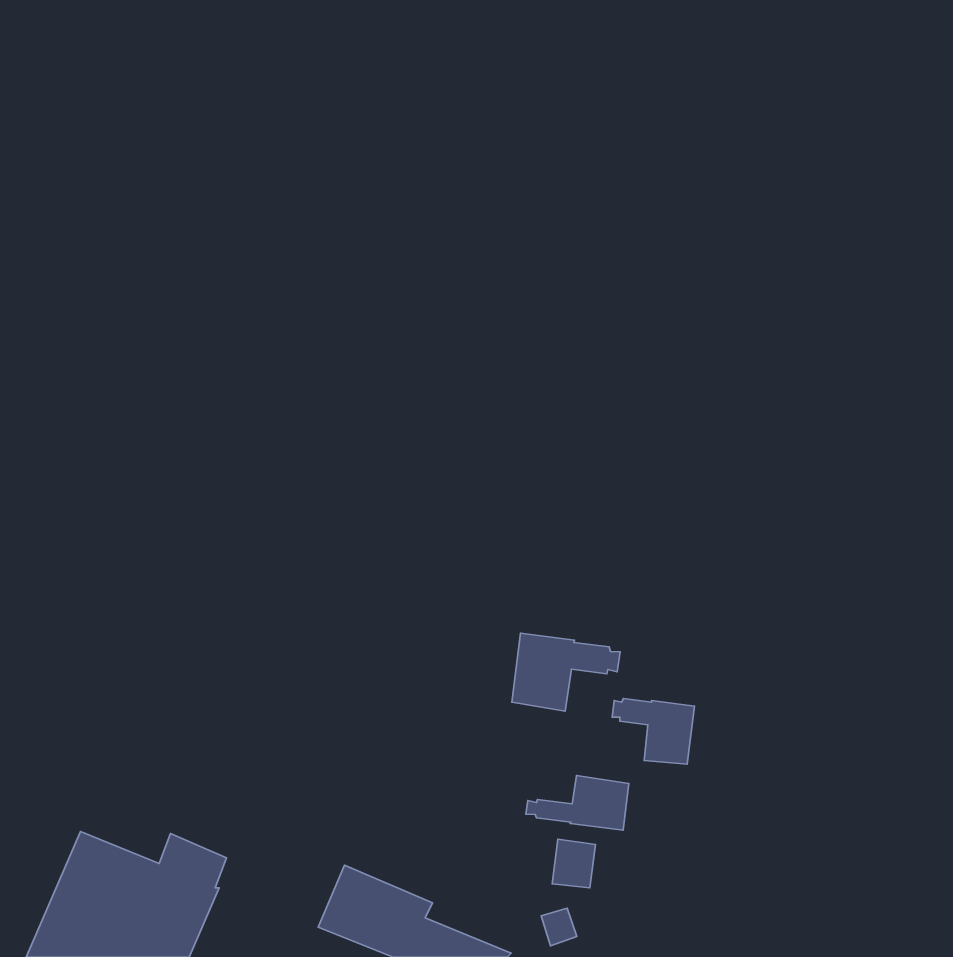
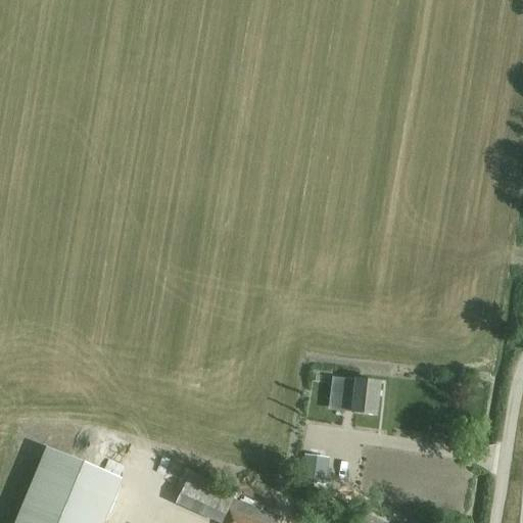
building: [512,633,620,711] -> none
building: [526,775,629,830] -> none

